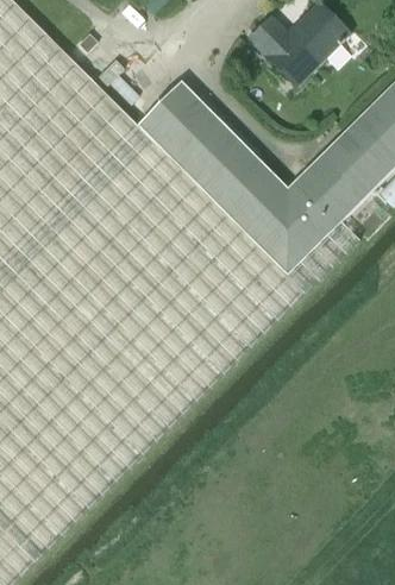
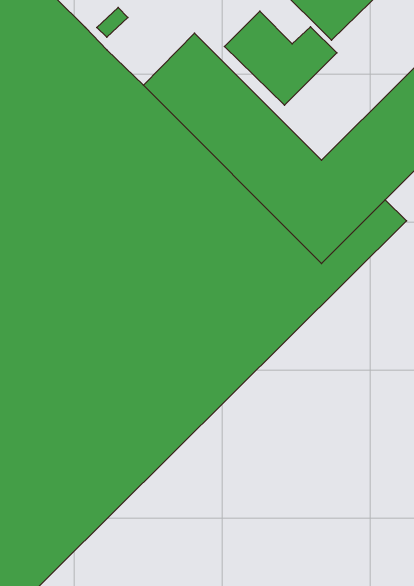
building: none -> [224,11,337,105]

